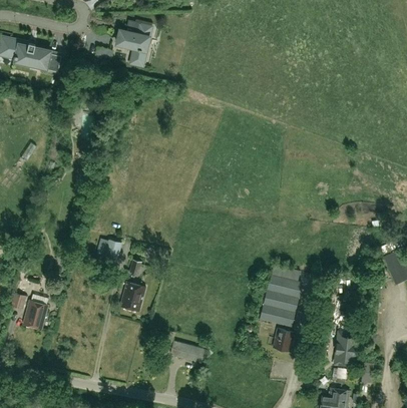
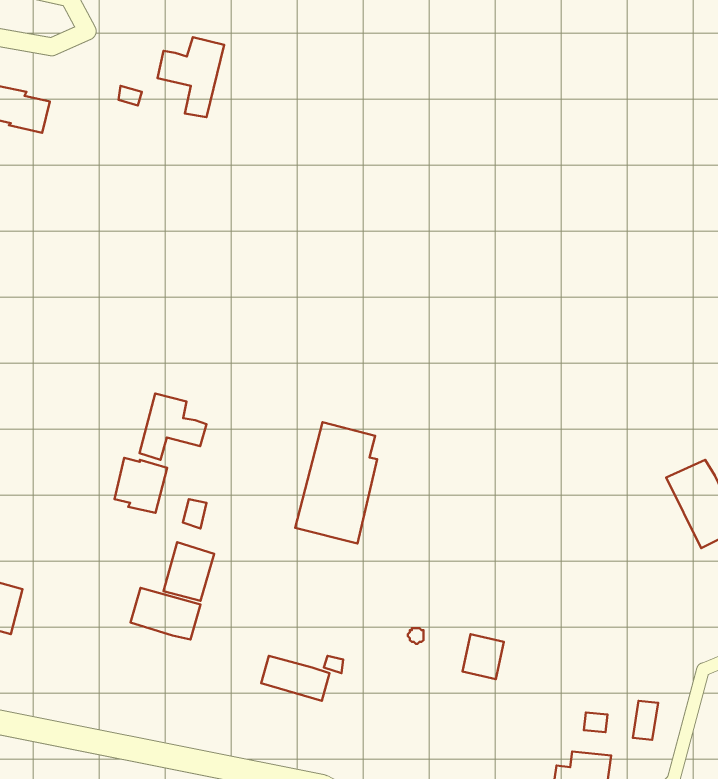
building: none -> [140,393,207,460]
building: [259,264,301,326] -> [295,422,377,543]
building: none -> [131,588,200,639]
building: [333,331,356,366] -> none

